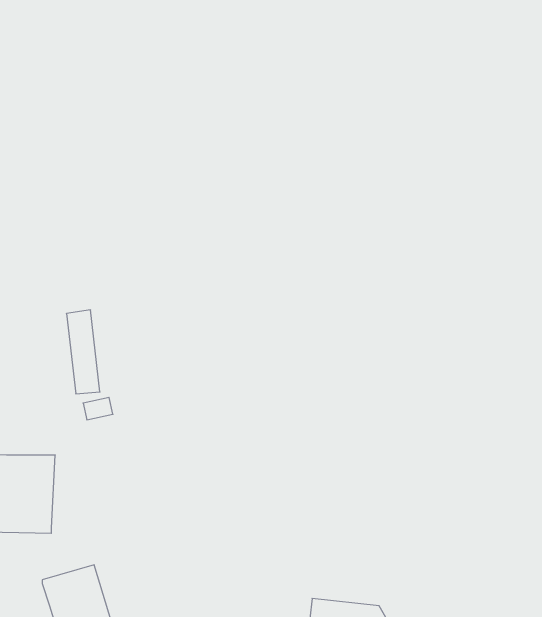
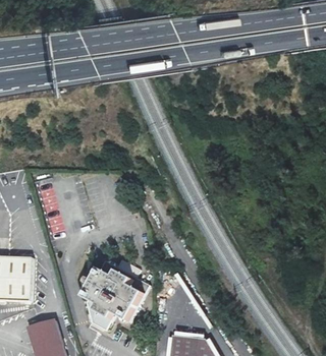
building: none -> [84,269,143,321]

